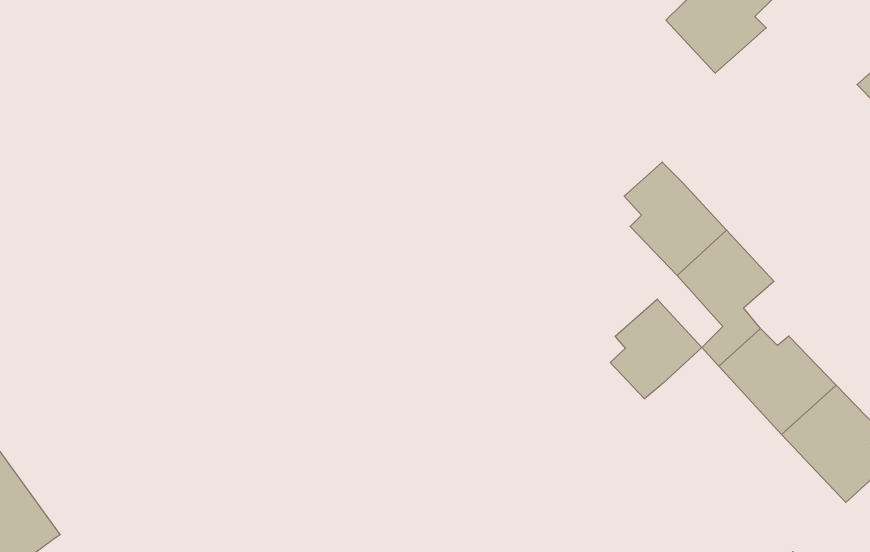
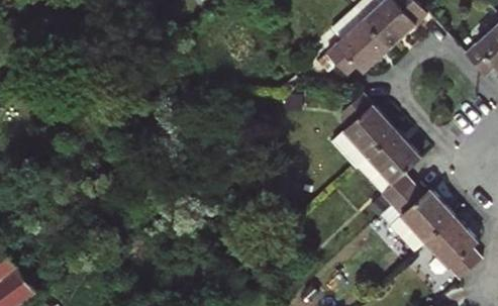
building: none -> [322,21,388,79]
building: [610,299,702,399] -> none

